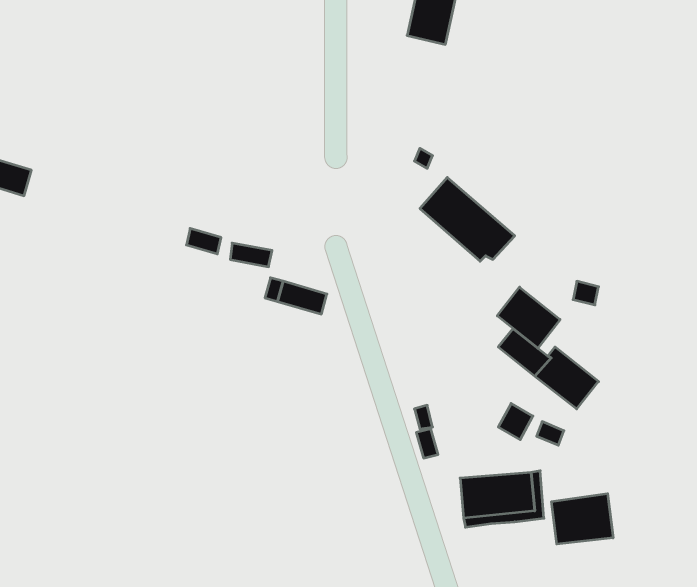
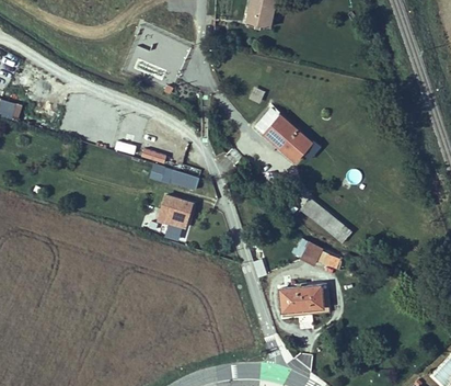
building: [497,287,560,348] -> none
building: none -> [157,195,193,227]
building: [552,494,613,544] -> none

